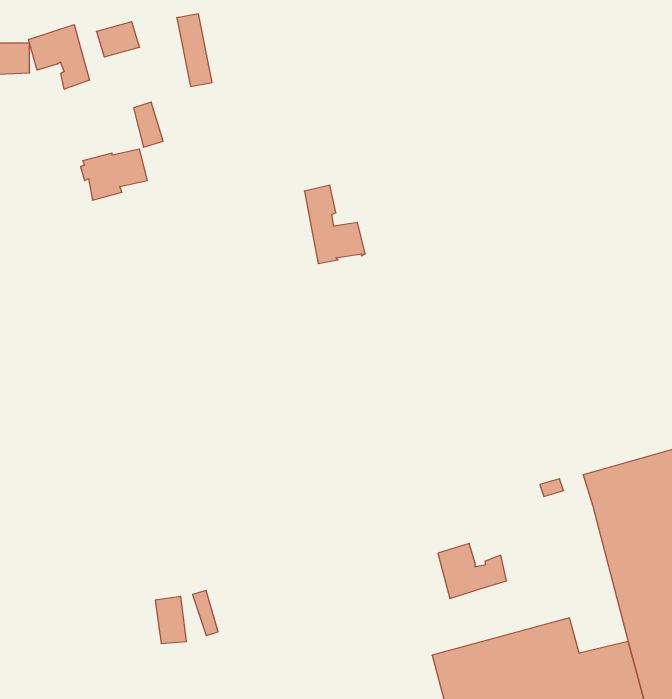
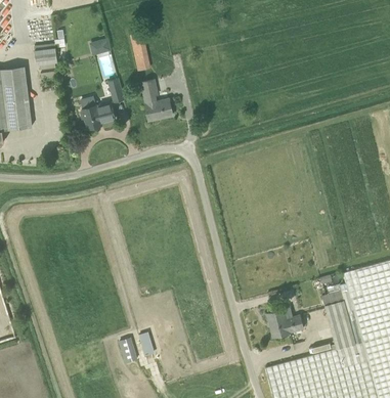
building: [29,25,90,89] -> none
building: [304,185,365,264] -> [141,80,173,121]
building: none -> [322,290,366,366]

